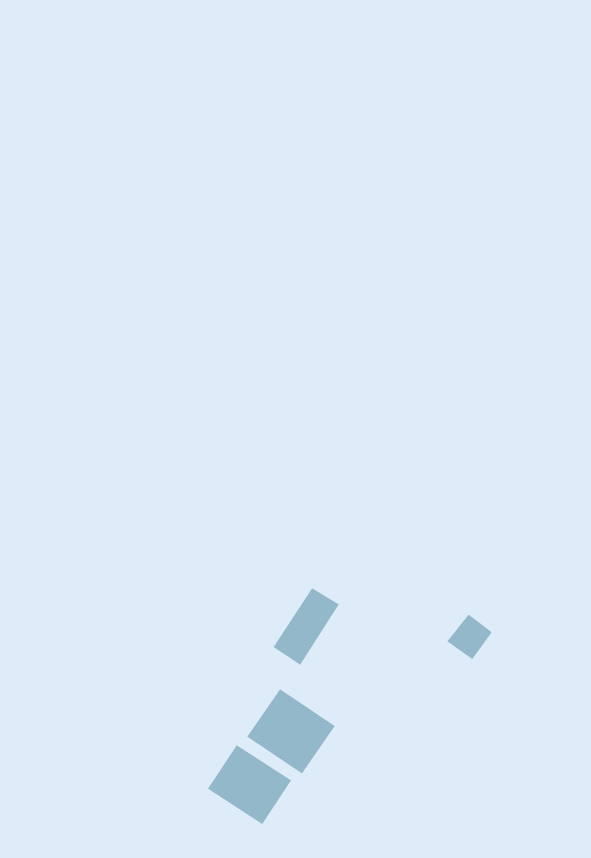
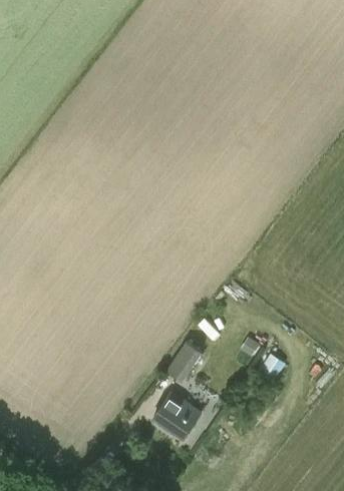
building: [207,744,292,825] -> none

